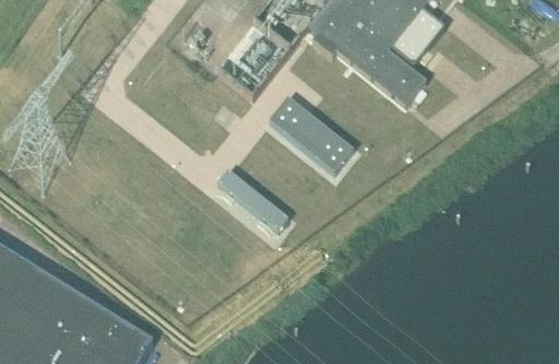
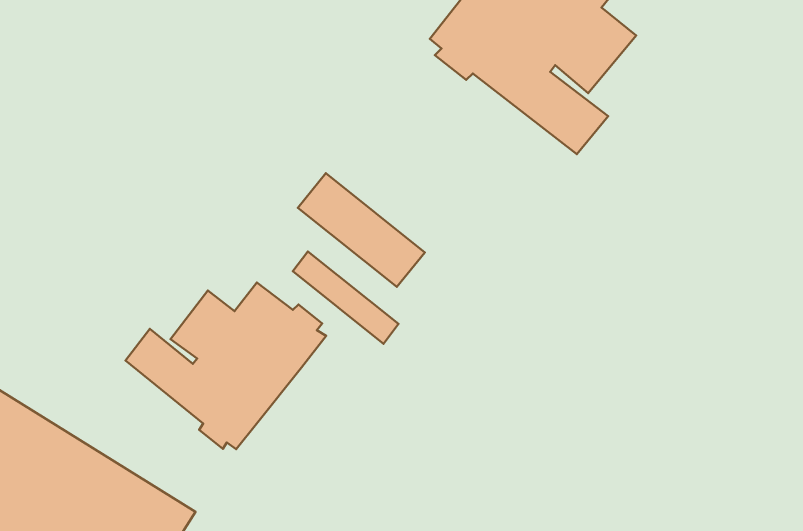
building: [269,95,353,171] -> [298,173,425,287]
building: none -> [125,282,326,449]

